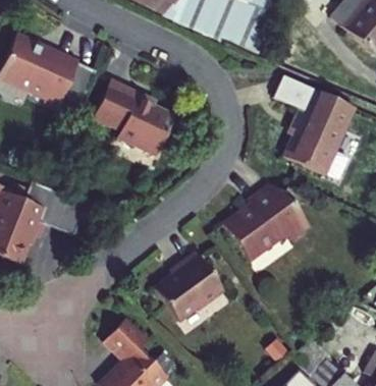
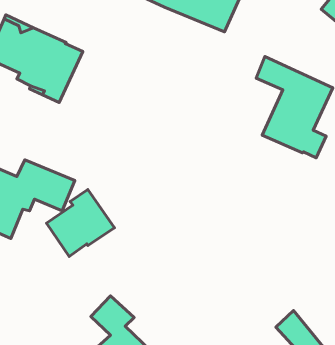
building: [93,78,174,152] -> none
building: [225,187,313,264] -> none
building: [154,253,224,322] -> [46,190,114,256]

